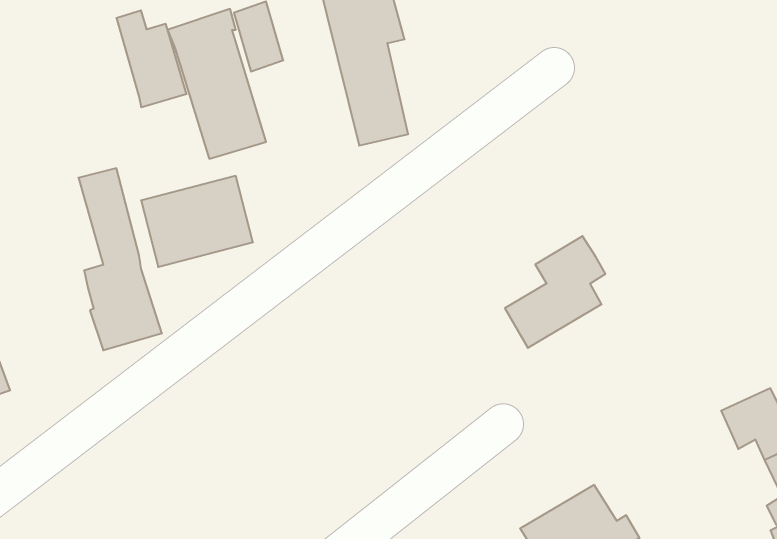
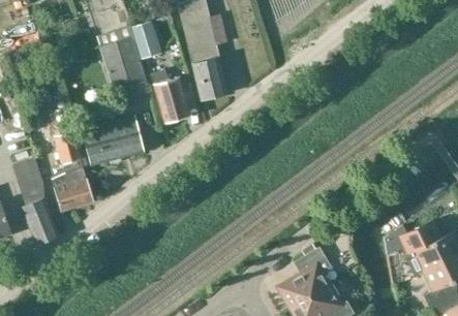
building: [116,10,187,107] -> [152,70,190,123]
building: [505,236,605,348] -> [277,248,332,309]
building: none -> [14,159,60,246]

